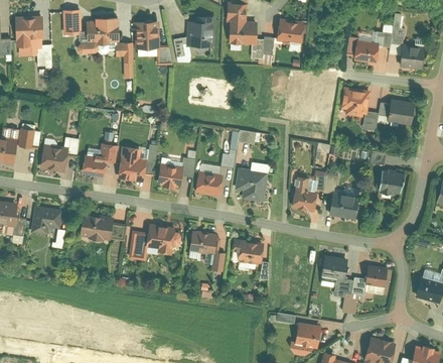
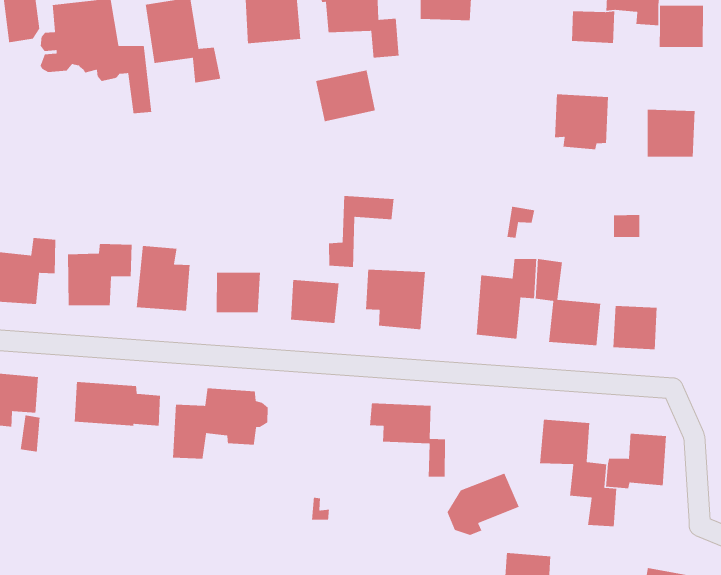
building: none -> [315,69,376,122]
building: [379,169,404,195] -> [613,305,658,350]
building: [188,229,228,272] -> none
building: none -> [447,472,520,536]

